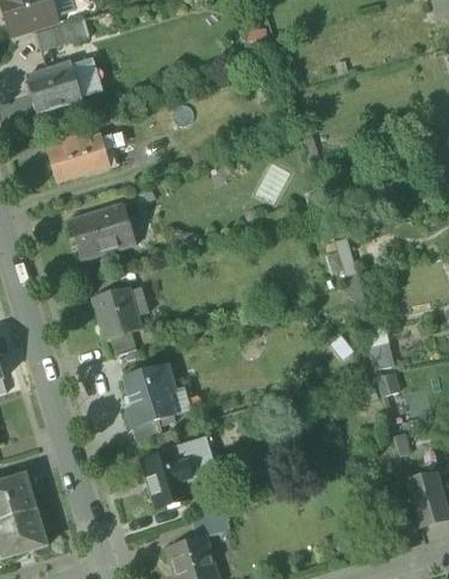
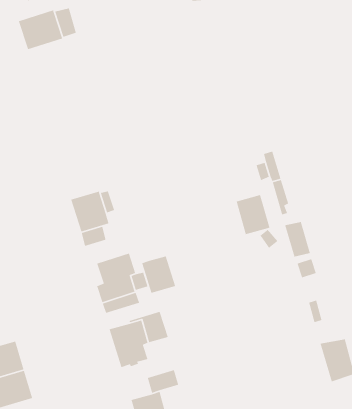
building: [49,131,110,181] -> none
building: [70,203,138,259] -> none
building: none -> [235,194,270,235]
building: none -> [141,255,176,294]

